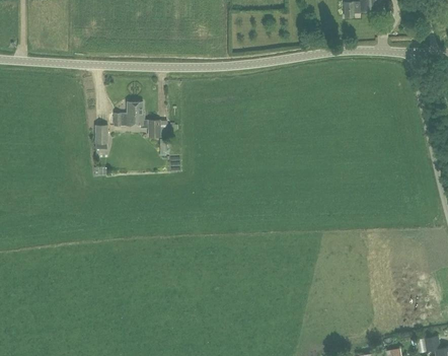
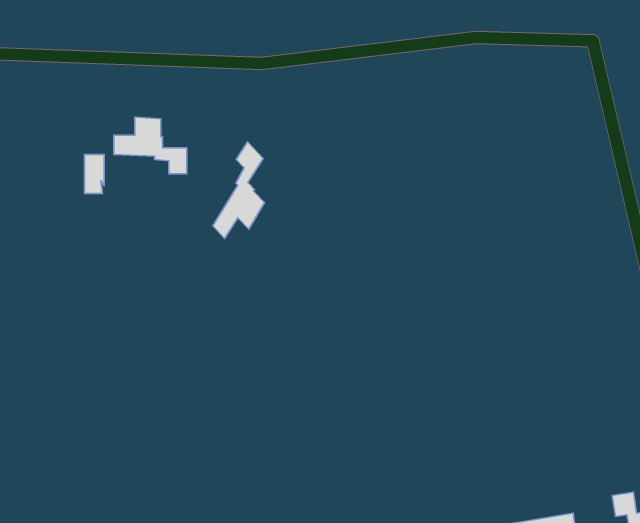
building: none -> [213,142,264,238]

